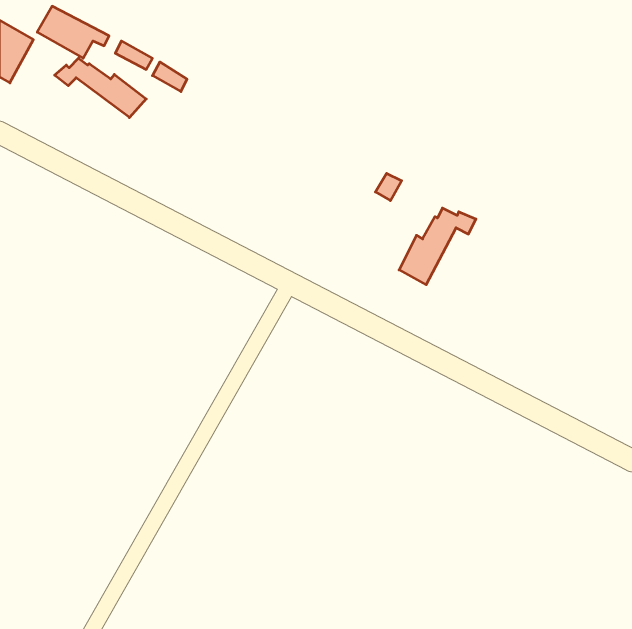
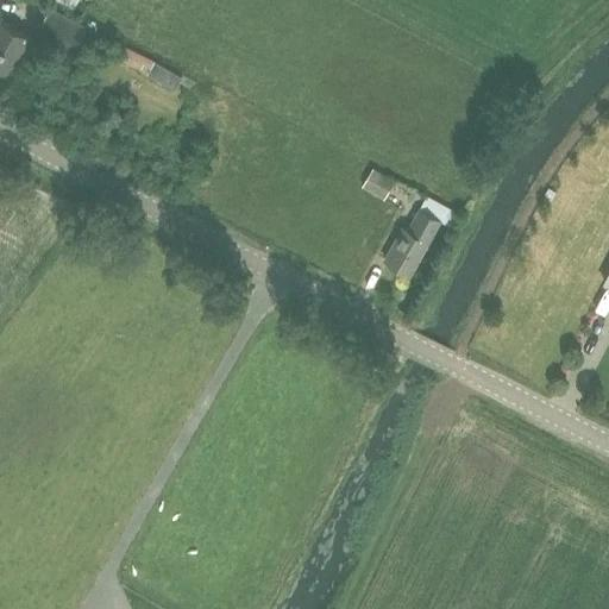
building: [55,58,146,118] -> none

